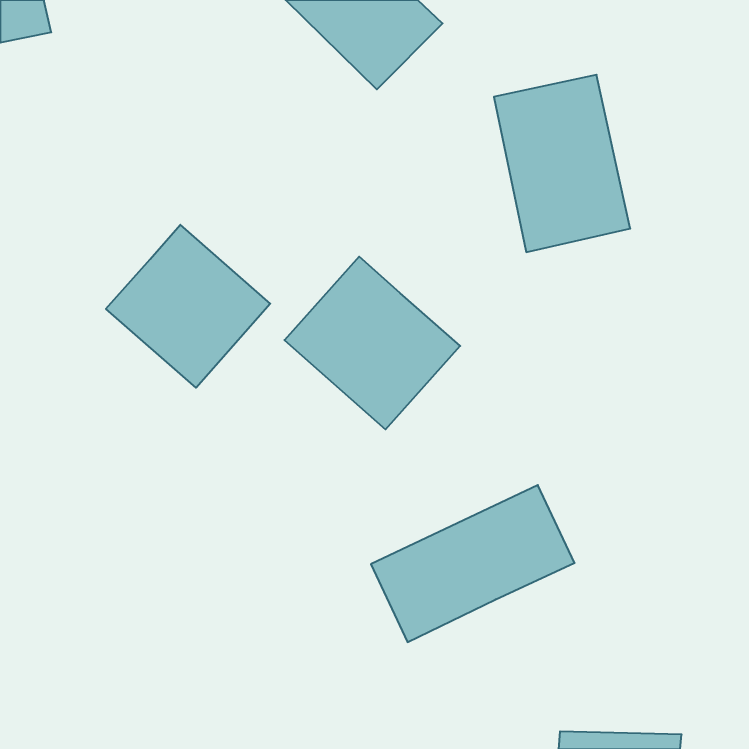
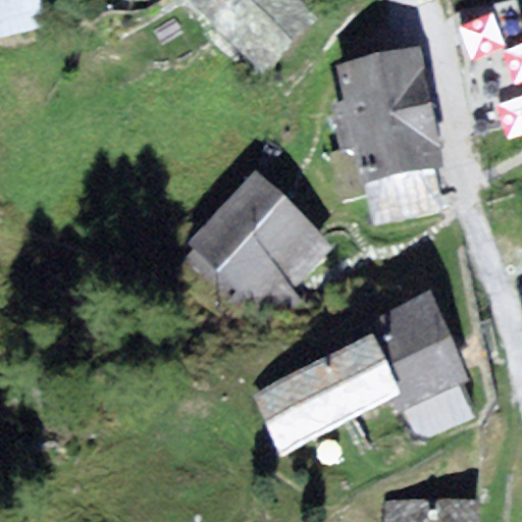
building: [106,225,270,388] -> none
building: none -> [375,300,461,401]

